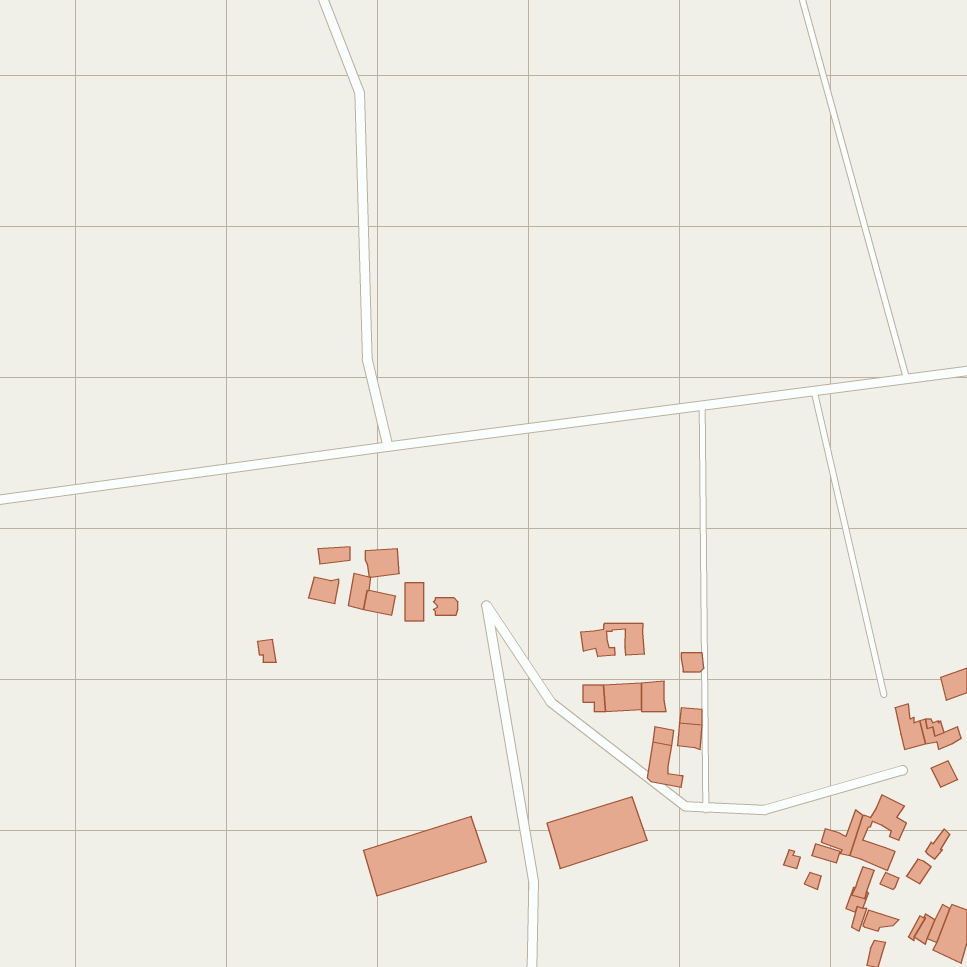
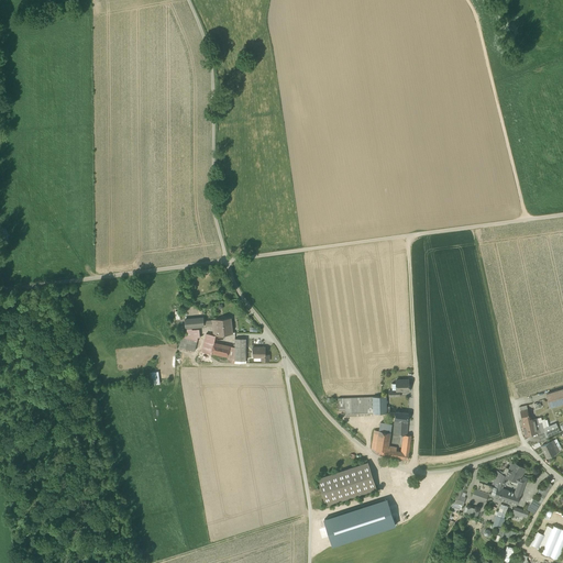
building: [581,623,644,657] -> none
building: [363,816,486,896] -> [324,499,396,545]

